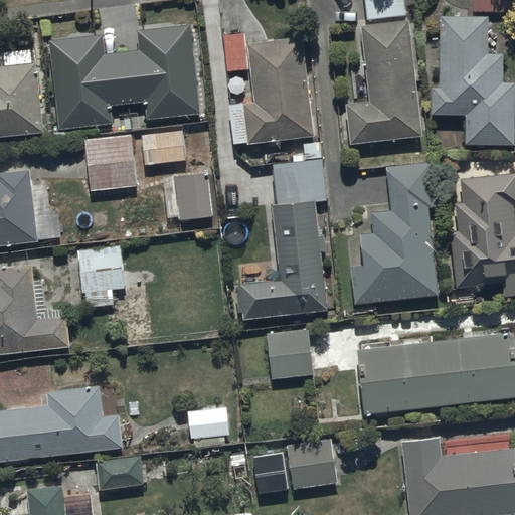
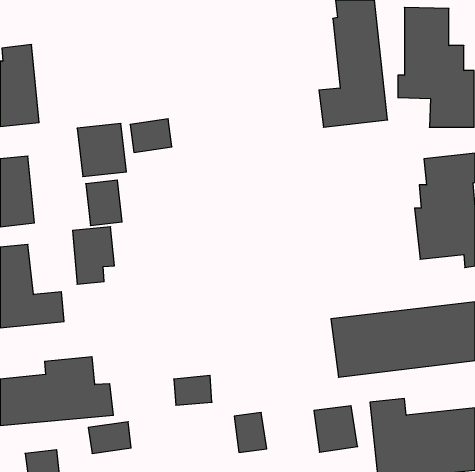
building: [50,26,200,132] -> none
building: [223,29,311,141] -> none
building: [235,142,327,318] -> none
building: [349,158,437,302] -> none
building: [173,174,212,223] -> [86,180,122,226]
building: [267,328,314,378] -> none
building: [290,437,337,487] -> [314,406,358,452]

